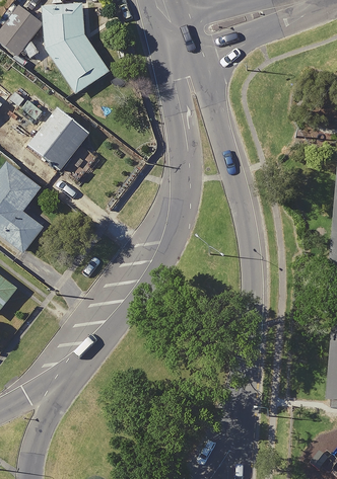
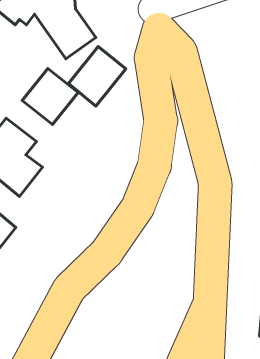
building: none -> [68,46,126,106]

